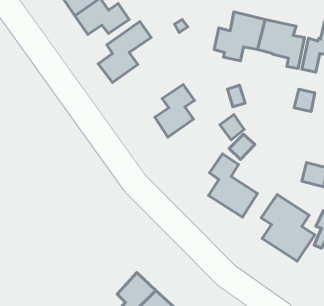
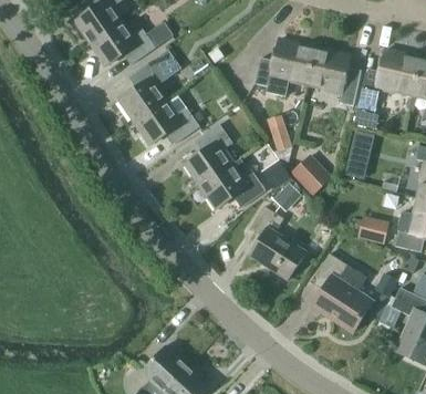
building: none -> [135,101,199,144]
building: none -> [290,154,332,196]
building: none -> [200,158,264,208]

